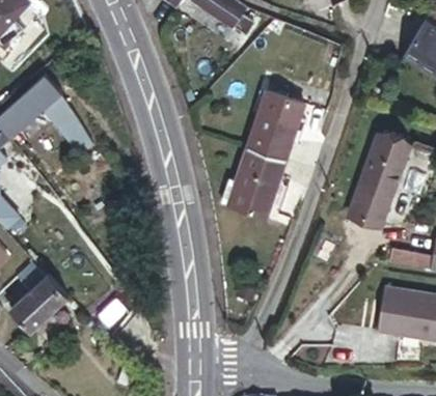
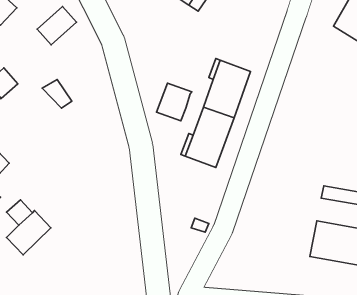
building: [12,78,59,123] -> [37,6,76,45]
building: none -> [157,83,192,121]
building: [348,132,411,225] -> none

